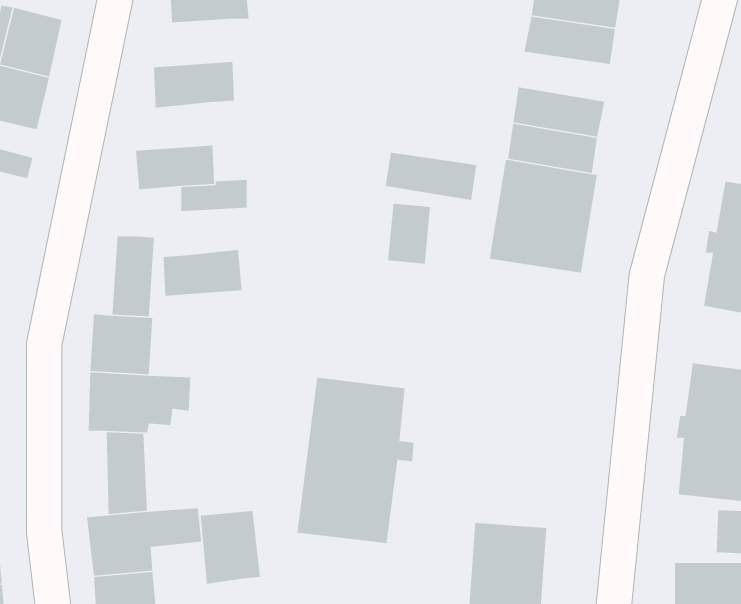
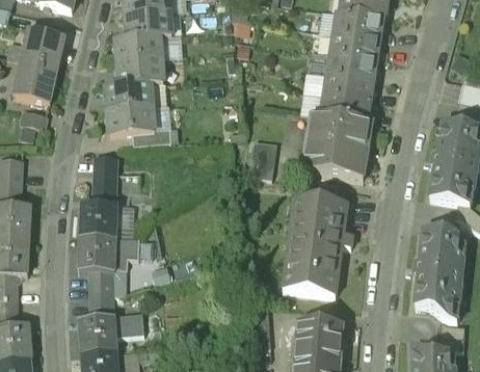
building: none -> [114,35,162,62]
building: [385,152,477,201] -> [325,54,378,82]
building: [163,249,243,296] -> [105,83,151,110]
building: [297,377,415,544] -> [284,198,351,294]
building: [200,510,261,585] -> none

